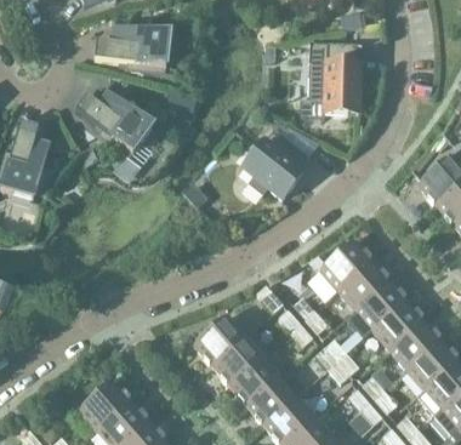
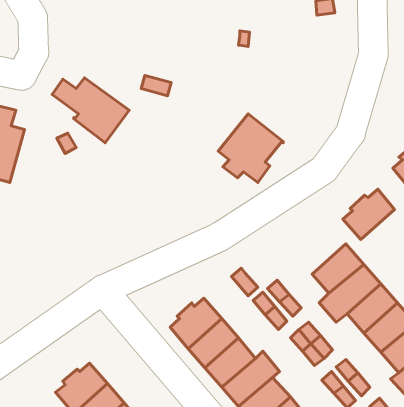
building: [96,27,170,73] -> none
building: [309,41,363,114] -> none
building: [320,239,372,290] -> [343,189,395,240]

